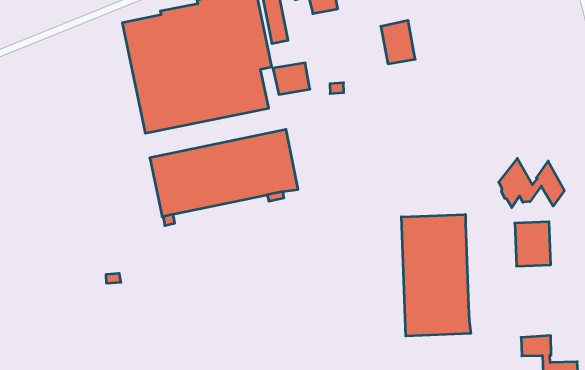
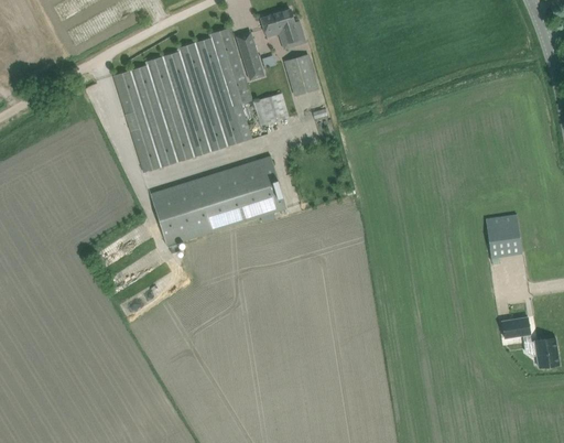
building: [381,21,415,64] -> [283,54,317,95]
building: [499,158,564,208] -> none
building: [401,214,471,336] -> none

